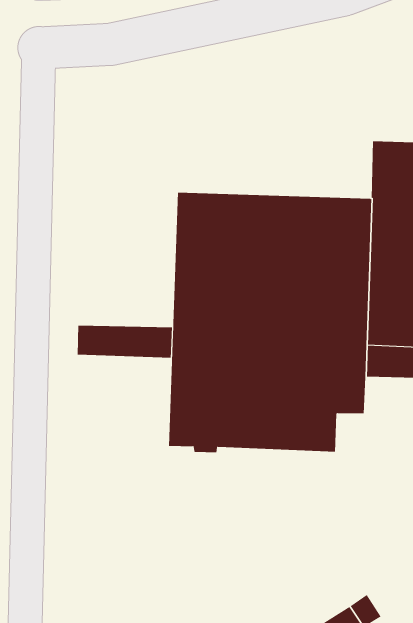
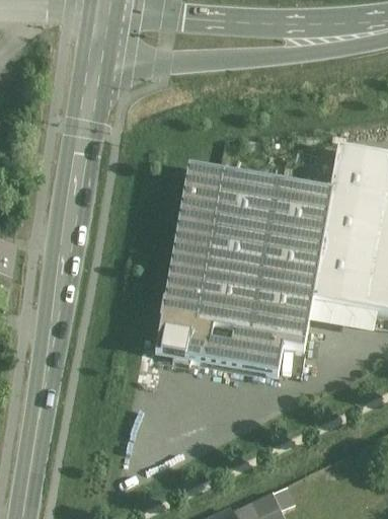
building: [77,325,172,359] -> none

